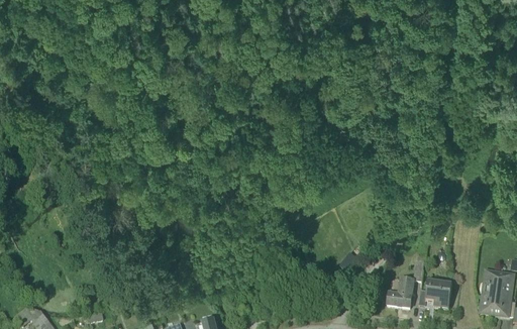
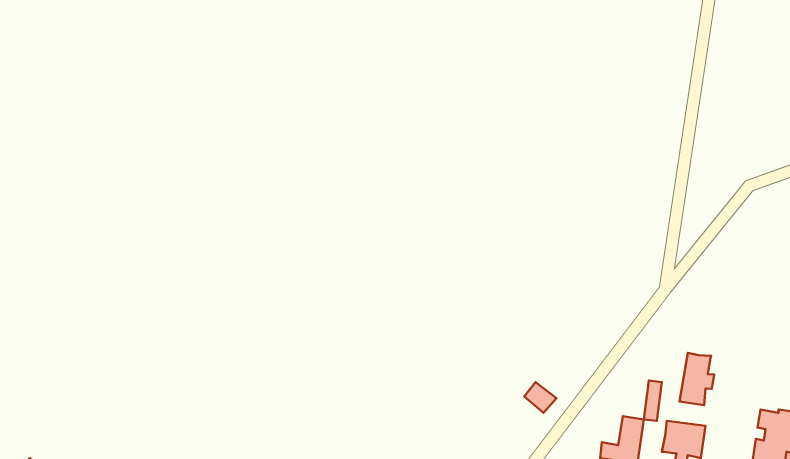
building: none -> [680,353,714,405]

